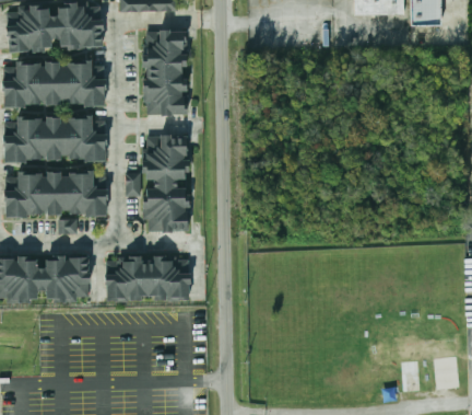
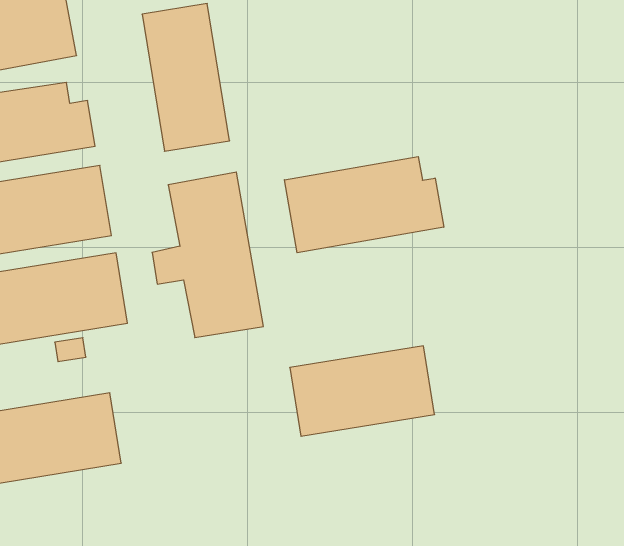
building: none -> [284,157,444,253]
building: [105,258,188,301] -> [290,346,435,436]

